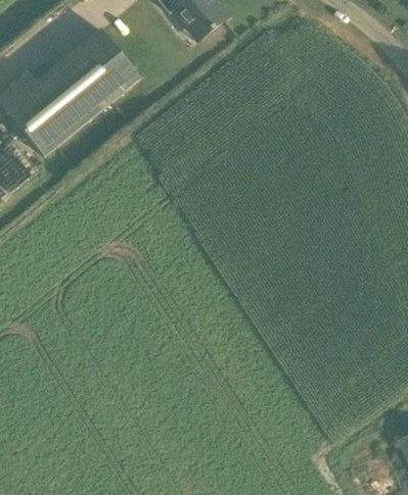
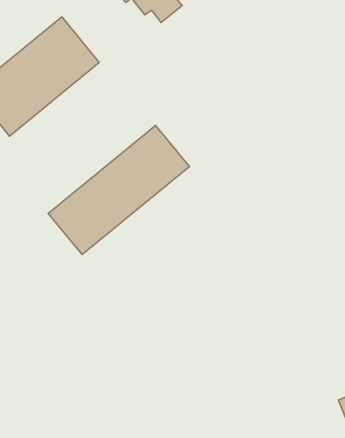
building: none -> [48,125,190,255]

